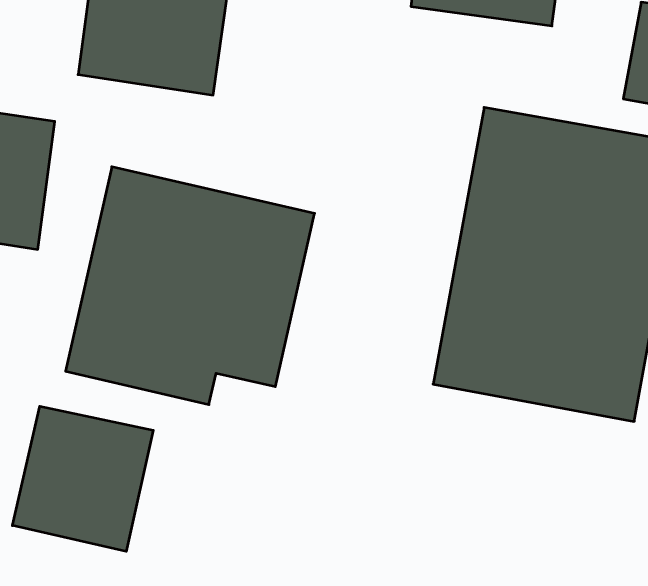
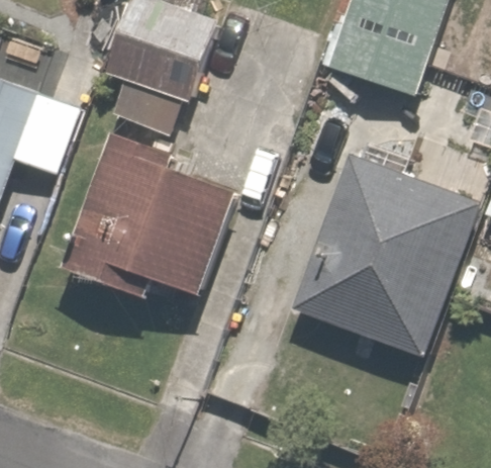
building: [12,406,153,551] -> none

